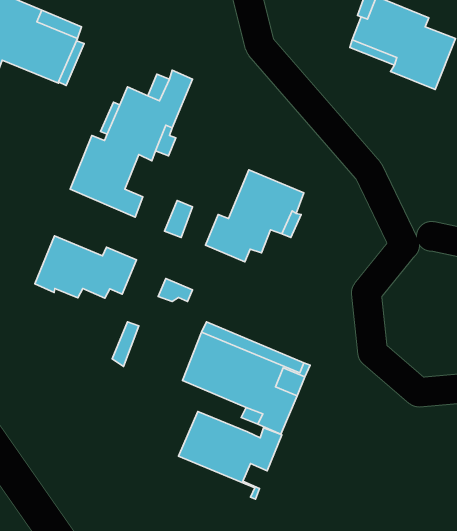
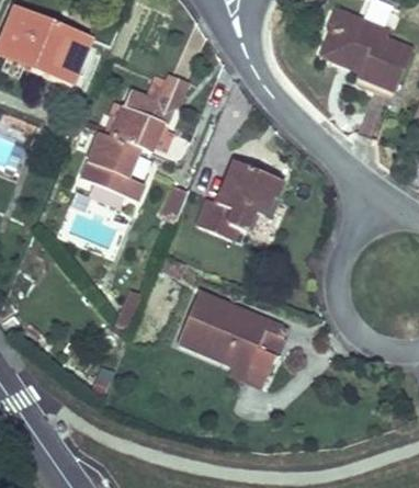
building: [35,236,137,298] -> none
building: [178,411,282,499] -> none

